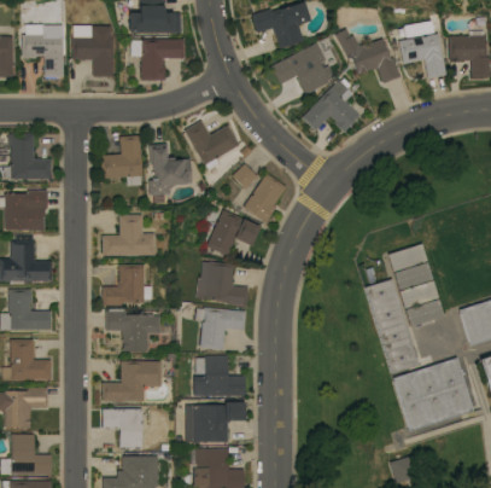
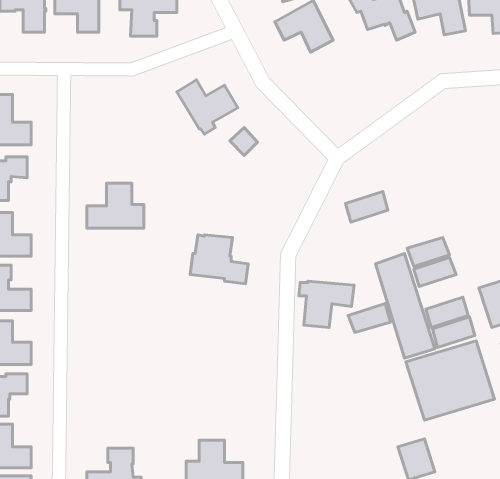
building: [302,79,360,132] -> none
building: [100,135,142,179] -> none
building: [148,143,192,196] -> none
building: [242,173,286,222] -> none
building: [206,209,259,256] -> none
building: [387,244,426,272] -> [346,192,388,222]
building: [101,265,151,306] -> none
building: [404,300,443,326] -> [348,304,391,333]
building: [195,307,246,349] -> [299,281,354,328]
building: [105,310,160,350] -> none
building: [193,355,245,395] -> none
building: [101,360,162,402] -> none
building: [186,401,245,441] -> none
building: [101,408,142,449] -> none

